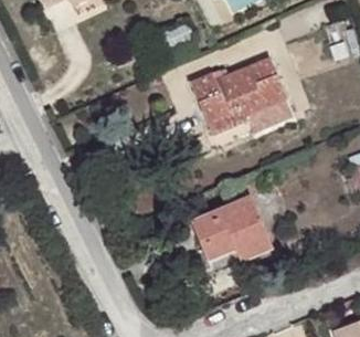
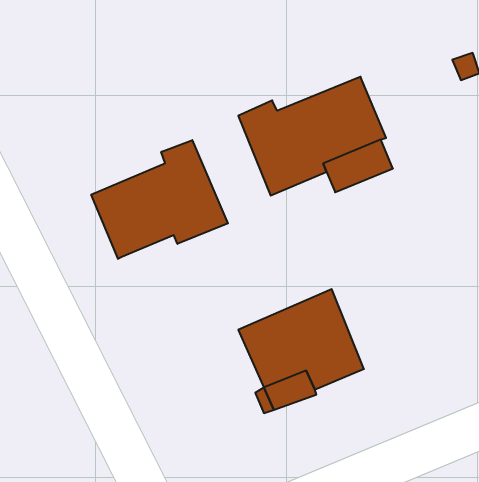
building: none -> [91,140,228,259]

